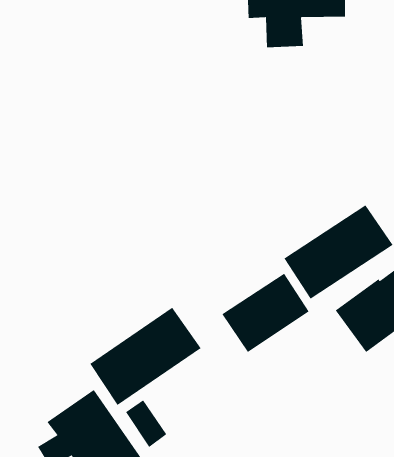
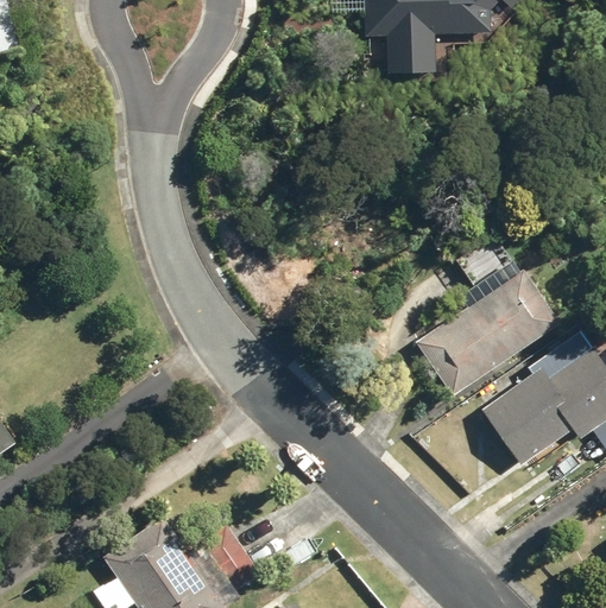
building: [222,273,309,353] -> none
building: [90,307,202,406] -> none

